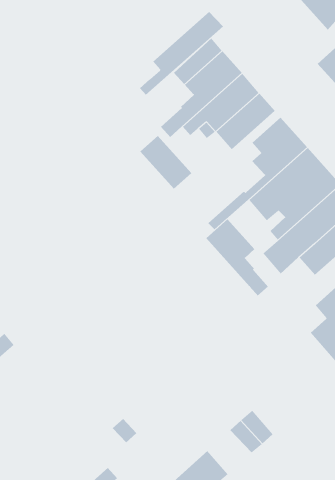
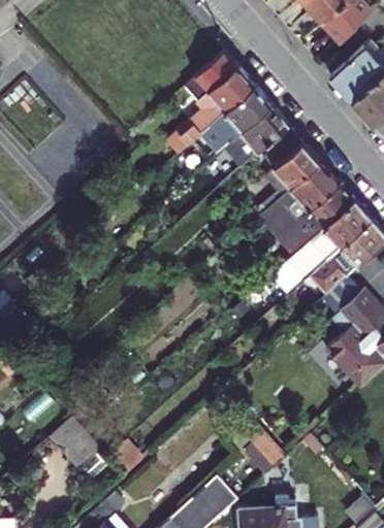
building: [139,11,224,95] -> none
building: [140,135,192,190] -> none
building: [206,219,269,297] -> none
building: none -> [51,418,101,468]

